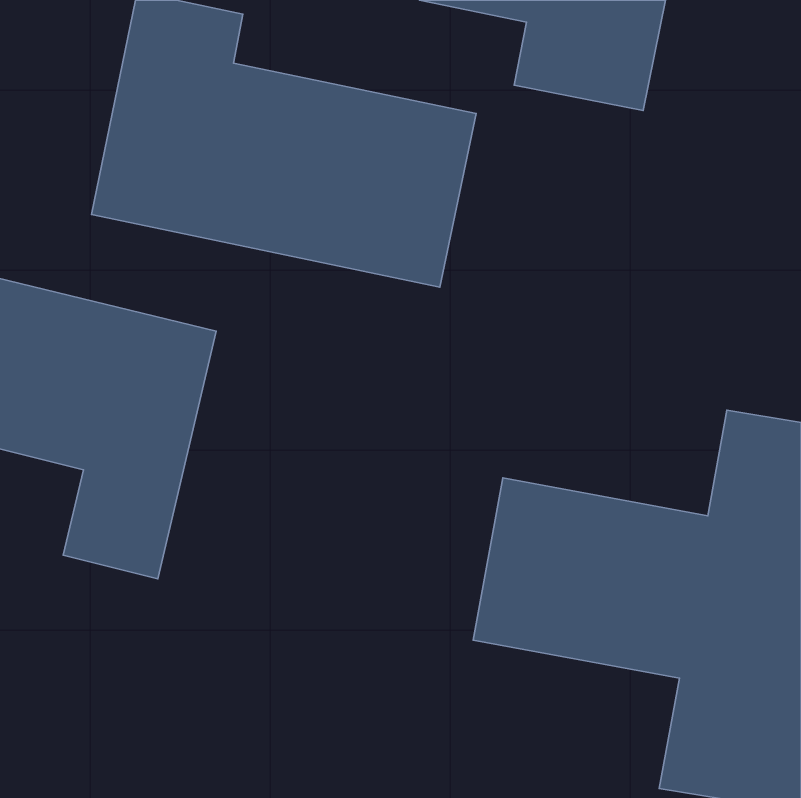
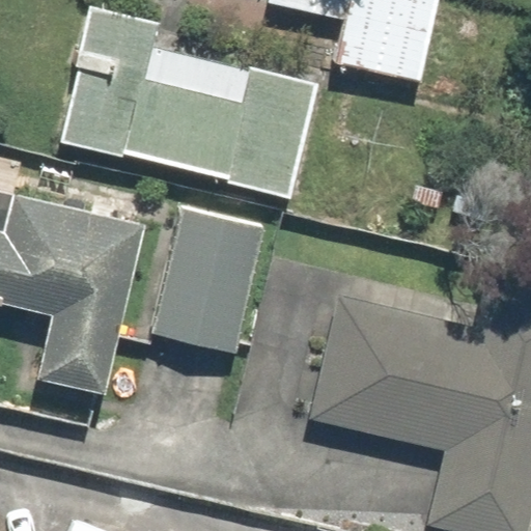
building: none -> [155,211,267,343]

